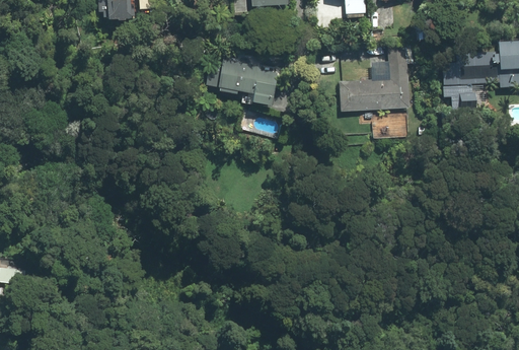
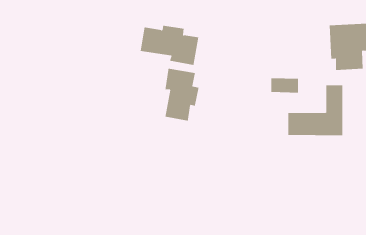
building: [340,47,410,111] -> [287,85,343,136]
building: none -> [165,68,199,121]

